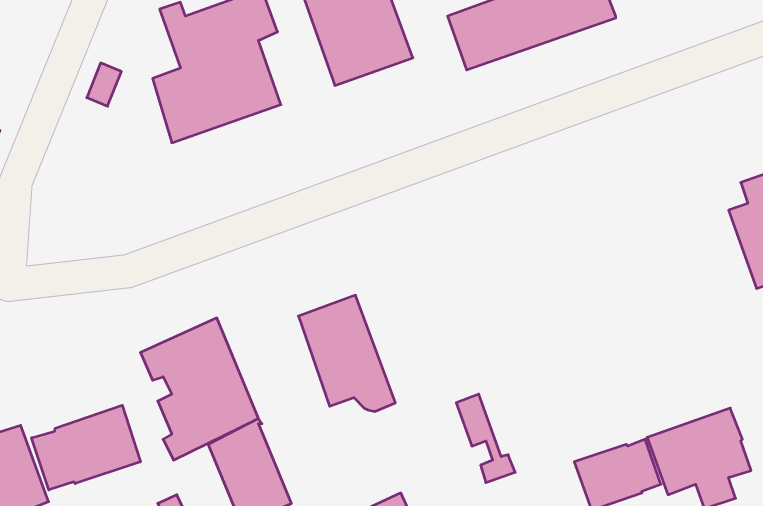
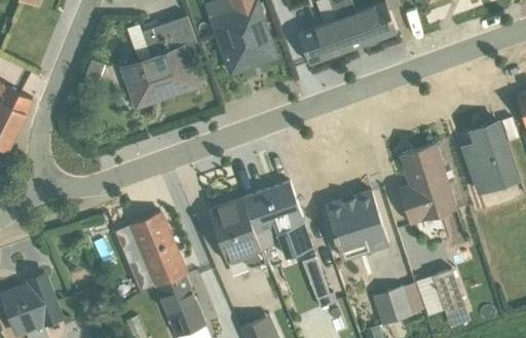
building: none -> [398,144,456,226]
building: none -> [242,182,312,257]
building: none -> [325,191,389,261]
building: [32,405,140,490] -> none

